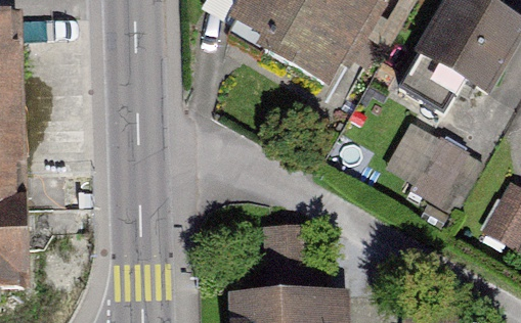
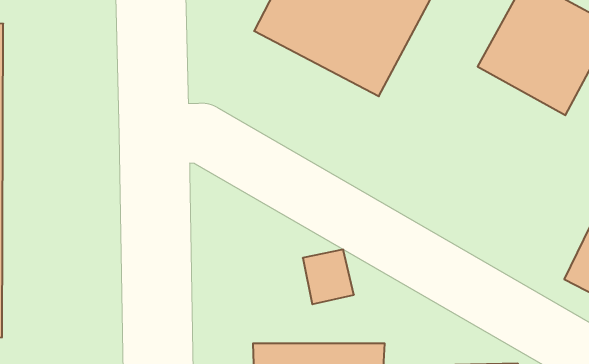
building: [397,125,481,199] -> none

